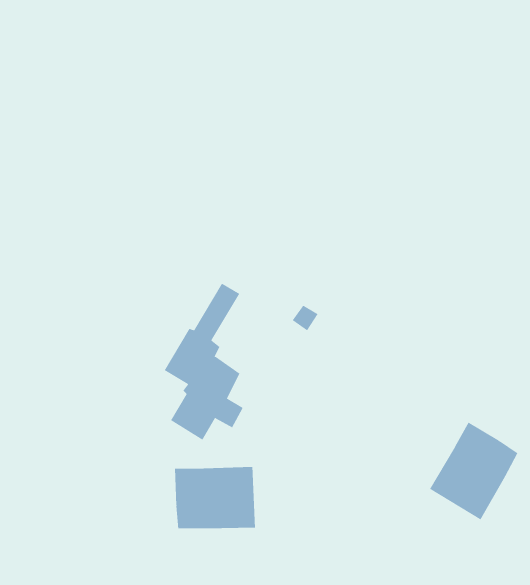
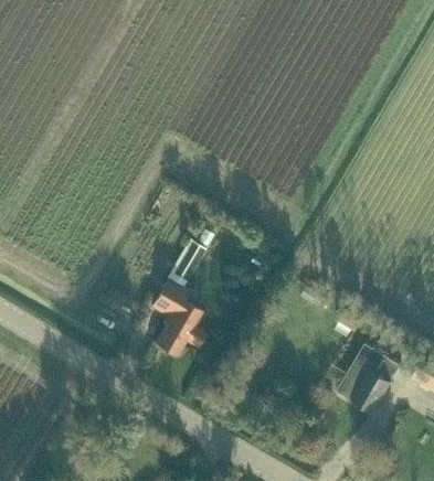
building: [174,466,256,529] -> none

